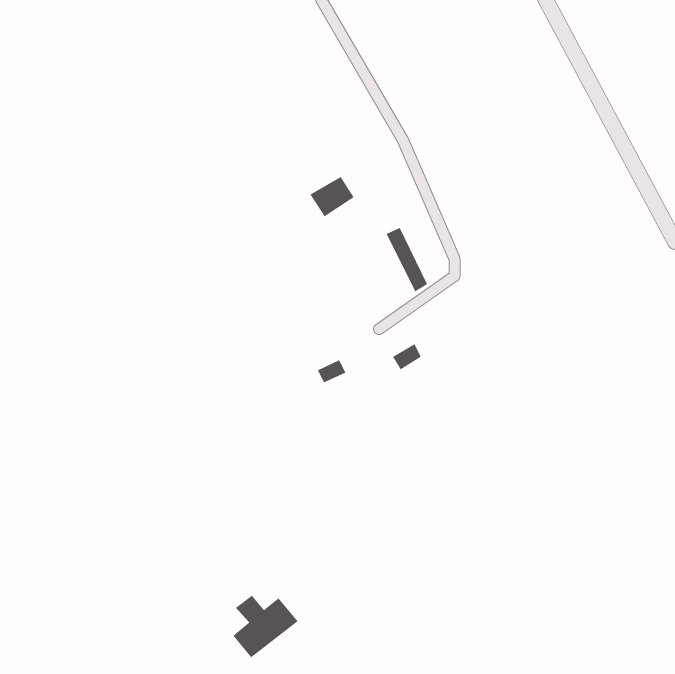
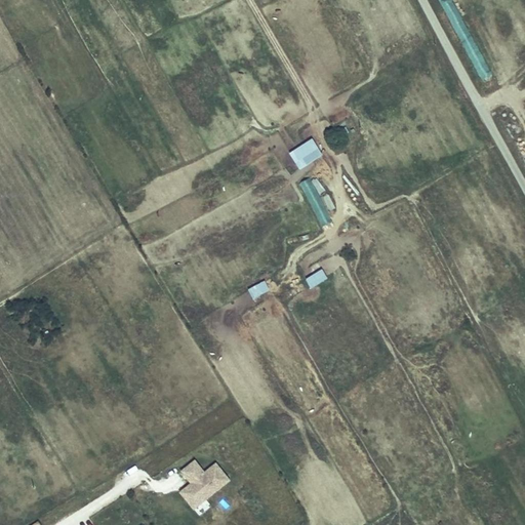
building: [310,176,355,217] -> [287,136,322,168]

